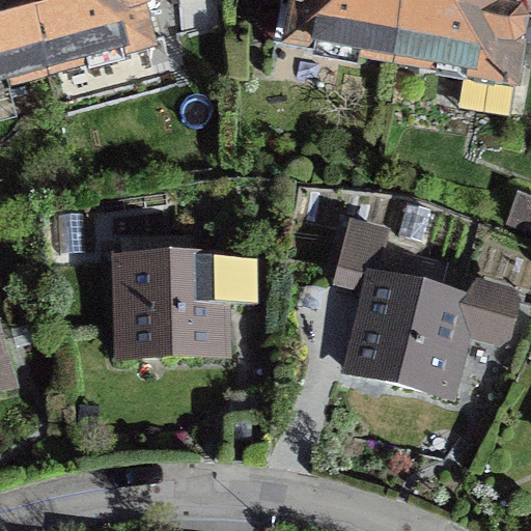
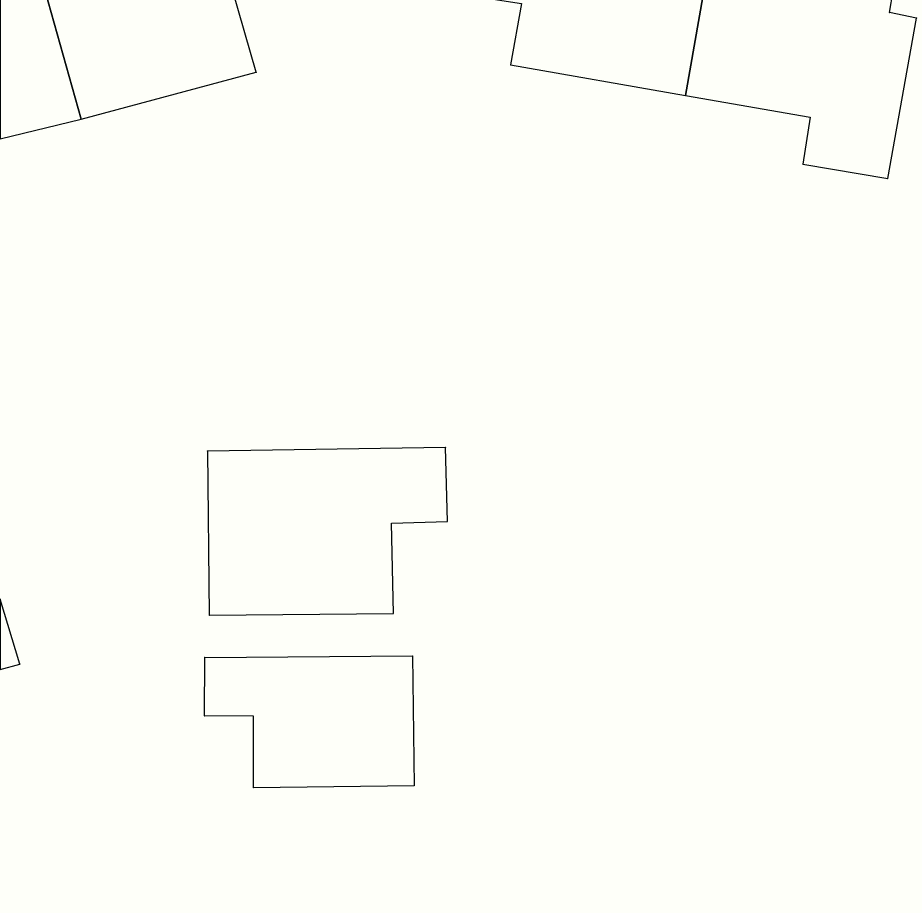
building: [340,222,509,393] -> none
building: none -> [205,656,414,788]

